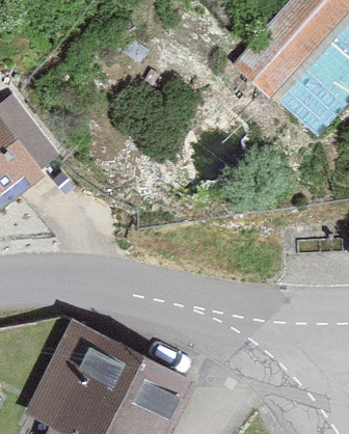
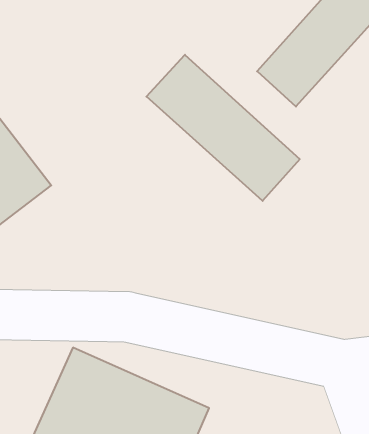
building: none -> [146,55,300,201]

